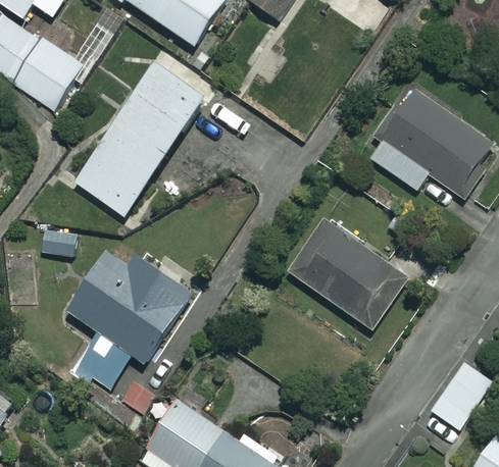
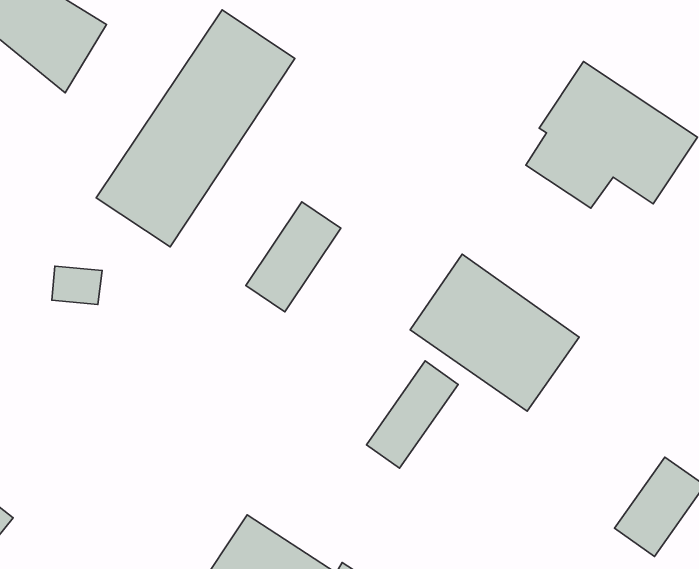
building: none -> [246,202,341,312]
building: [66,251,191,390] -> none
building: none -> [366,361,458,468]

